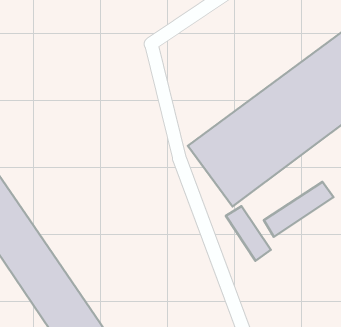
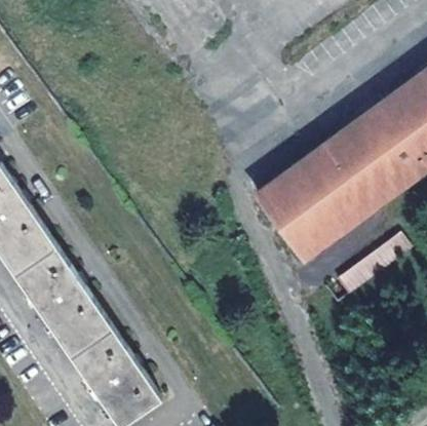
building: [226,206,271,261] -> none

